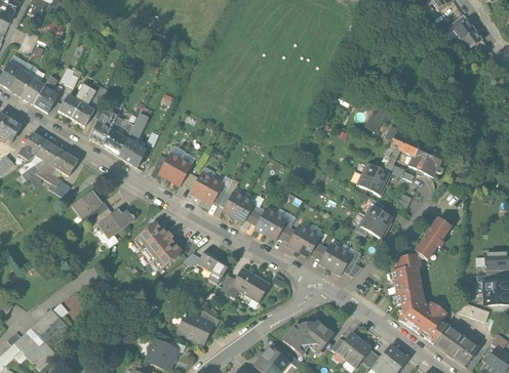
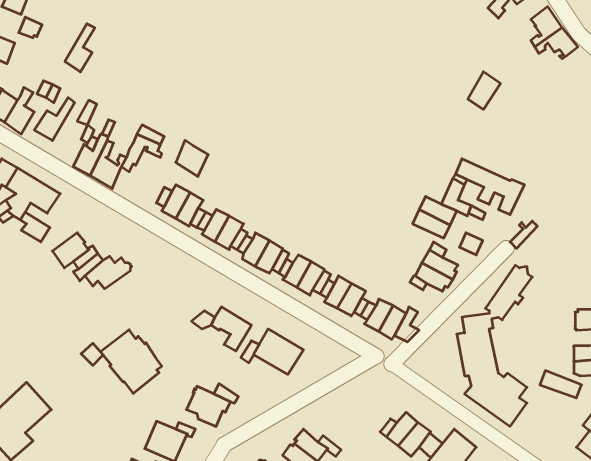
building: [72,88,95,126] -> [65,24,95,72]
building: [362,101,388,131] -> [468,72,500,109]
building: [119,138,145,167] -> [176,140,208,177]
building: [133,221,182,272] -> [101,330,162,393]
building: [282,321,332,356] -> none
building: [433,325,478,366] -> none

